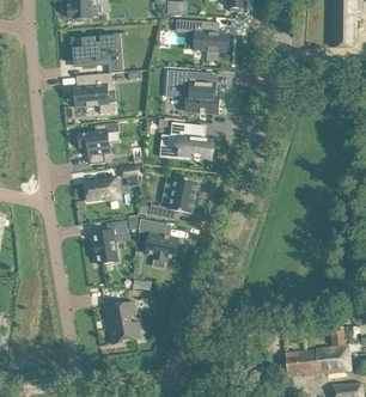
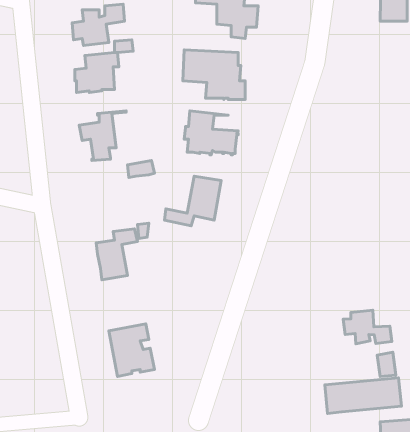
building: [84,175,118,200] -> none
building: [136,218,178,267] -> none
building: none -> [343,310,392,344]

